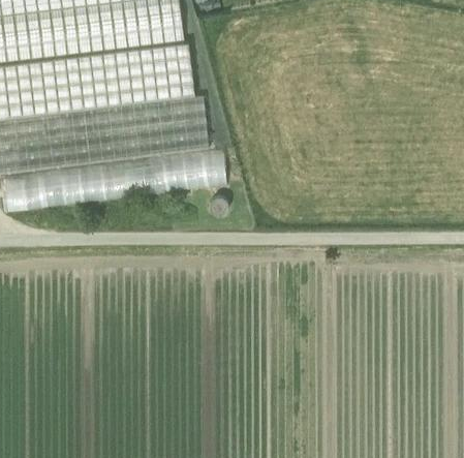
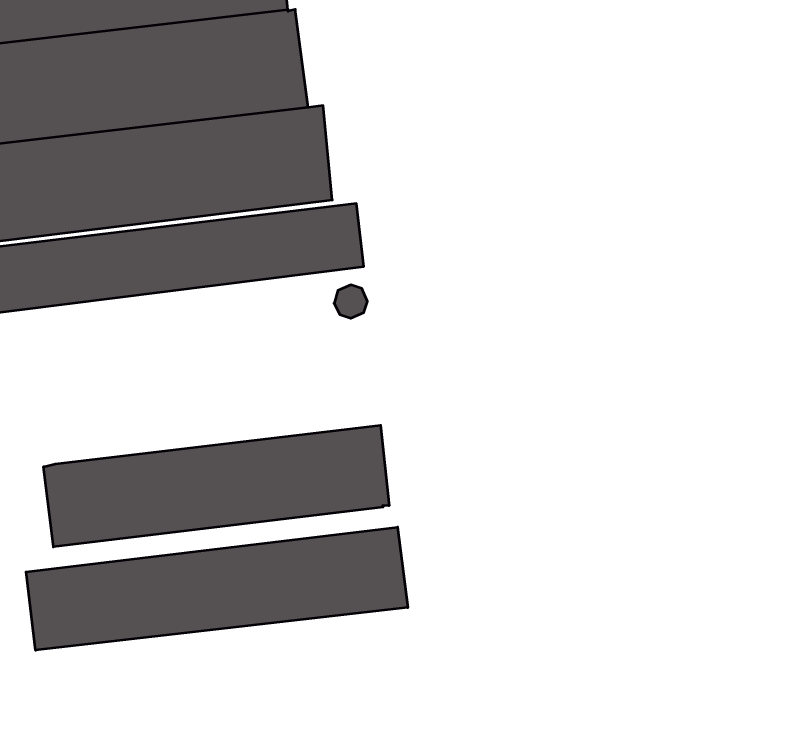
building: none -> [44,425,389,547]
building: none -> [26,527,408,650]

